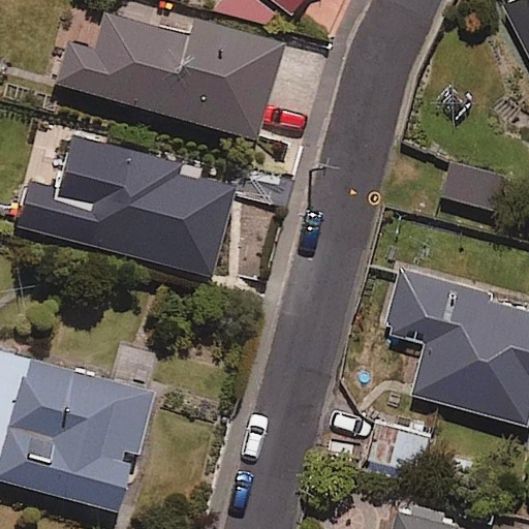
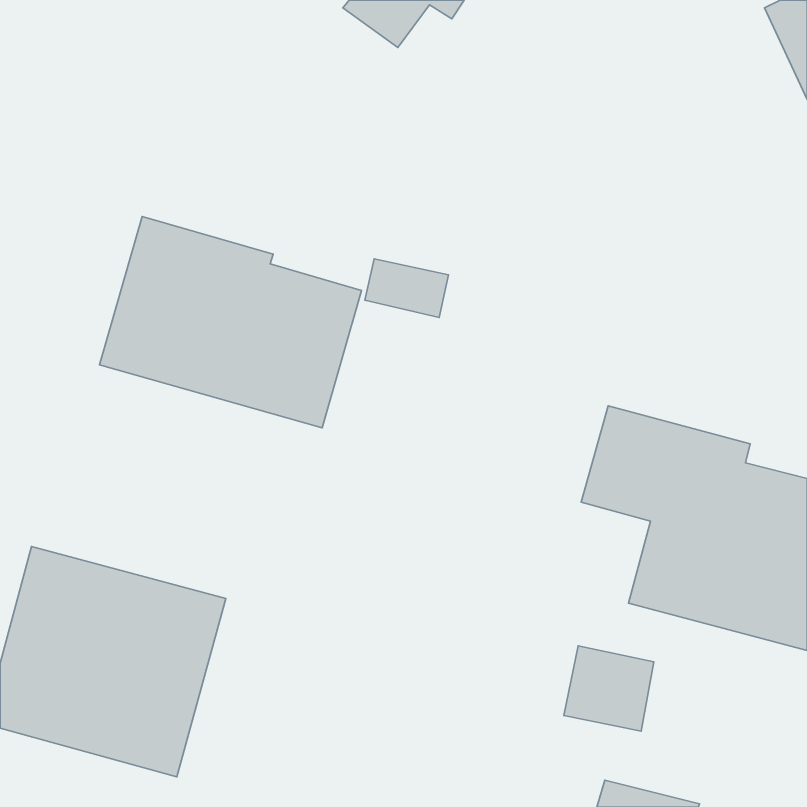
building: [54,8,282,138] -> none

